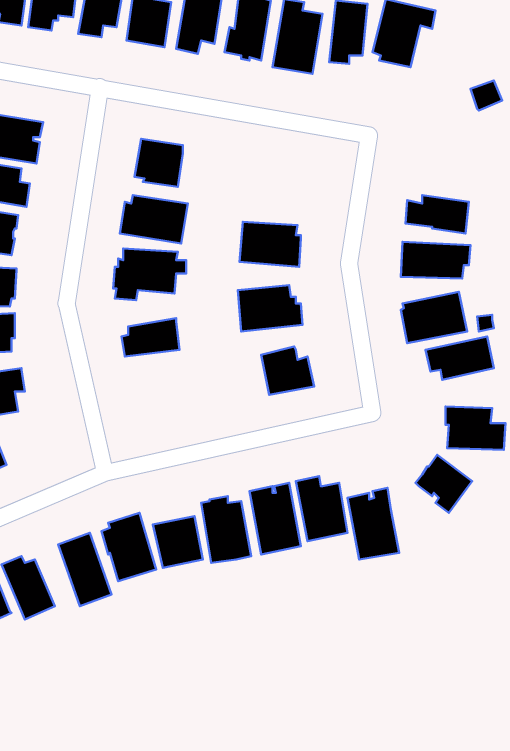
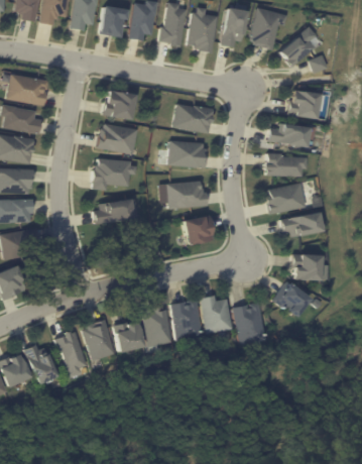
building: none -> [277,24,318,66]
building: none -> [288,89,321,119]
building: none -> [173,105,212,134]

